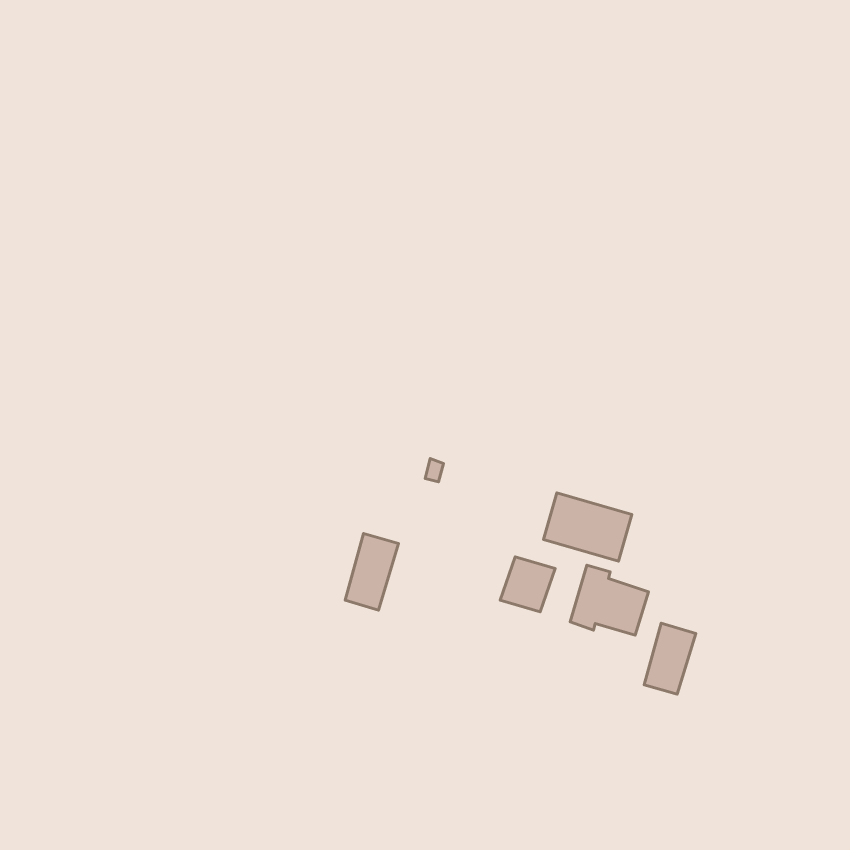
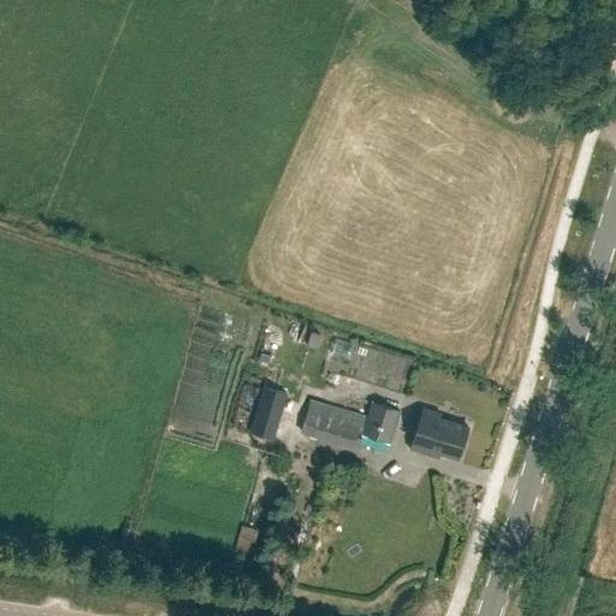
building: [544,493,632,561] -> [301,399,365,449]
building: [644,623,696,694] -> none

